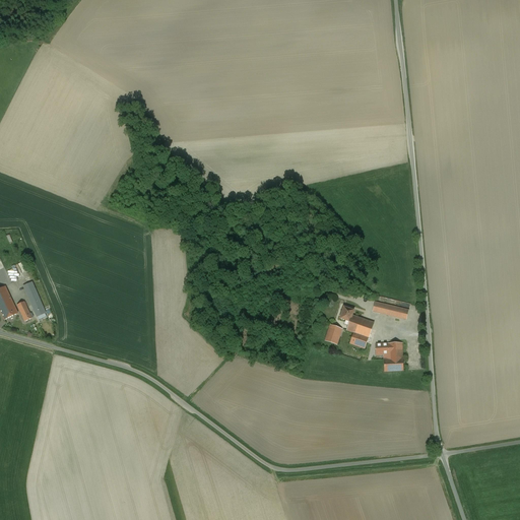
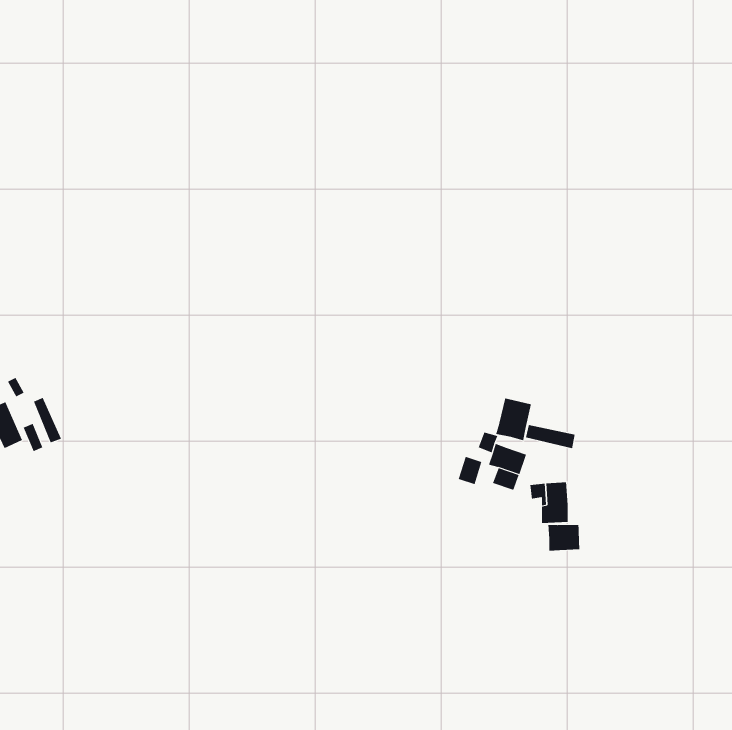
building: none -> [495,397,531,441]
building: none -> [548,523,580,551]

